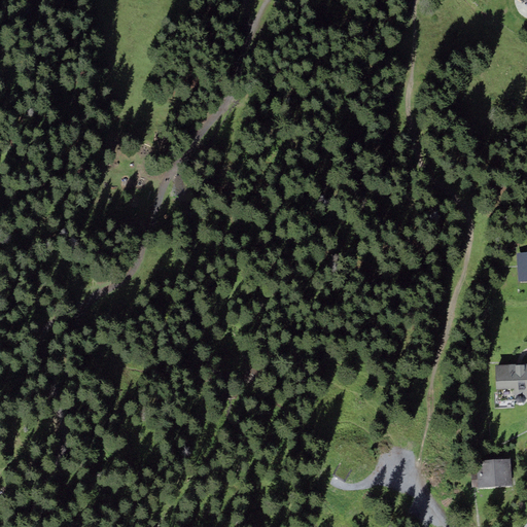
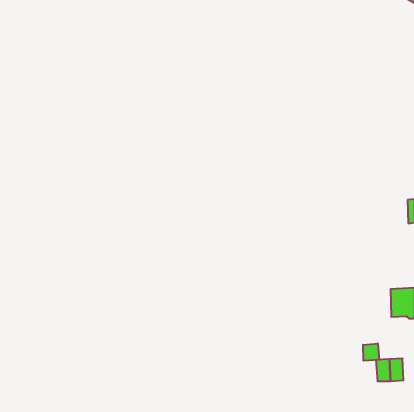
building: none -> [363,343,379,361]

